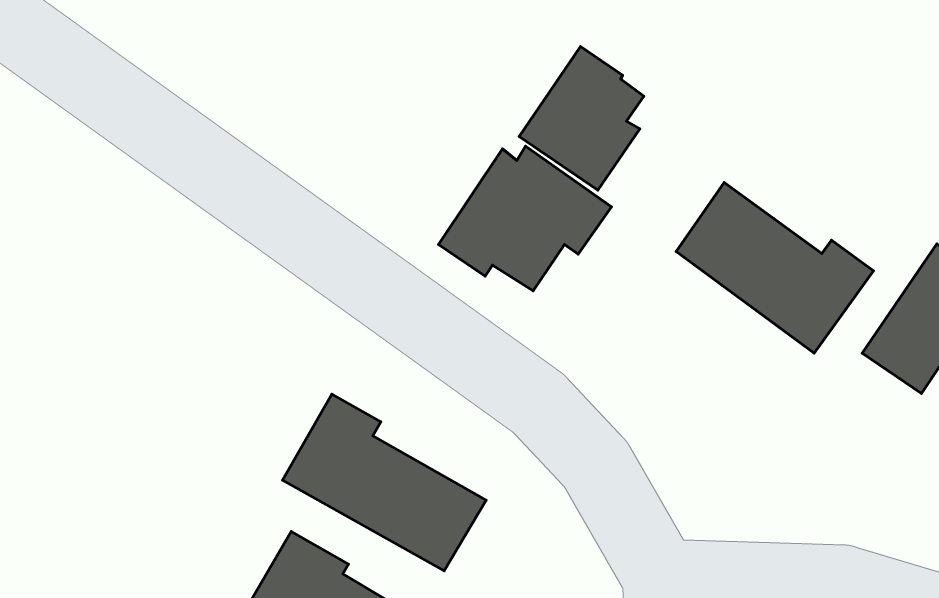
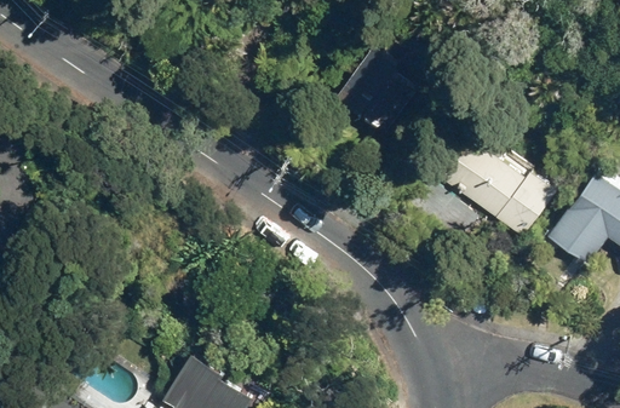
building: [438,146,611,291] -> none
building: [283,394,486,571] -> none

